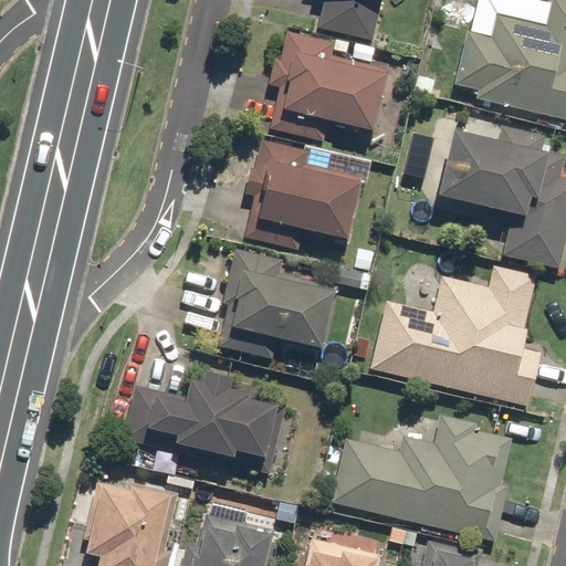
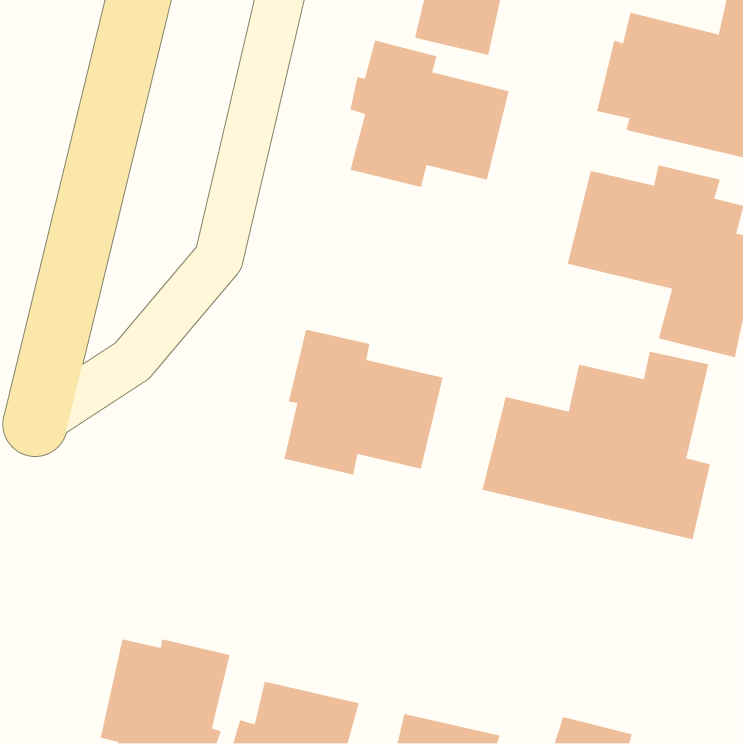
building: [243,139,364,250] -> none
building: [122,373,287,474] -> none
building: [329,413,514,542] -> none

